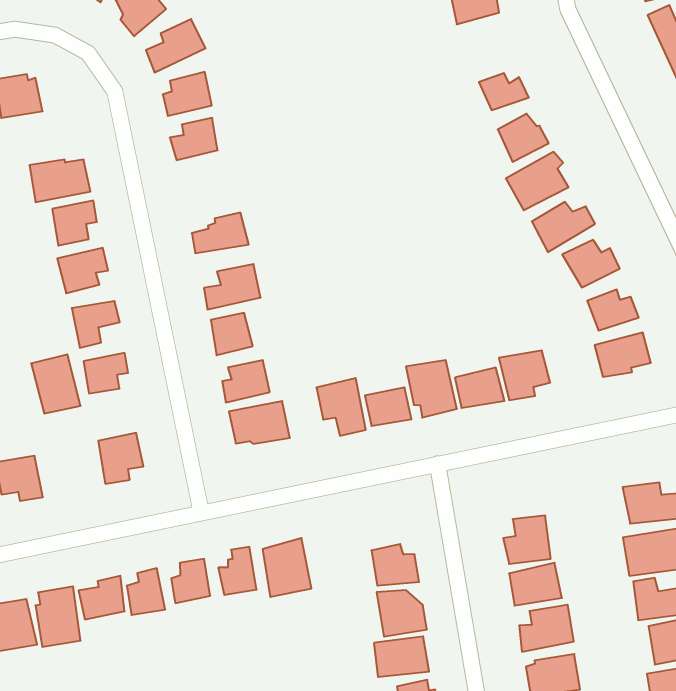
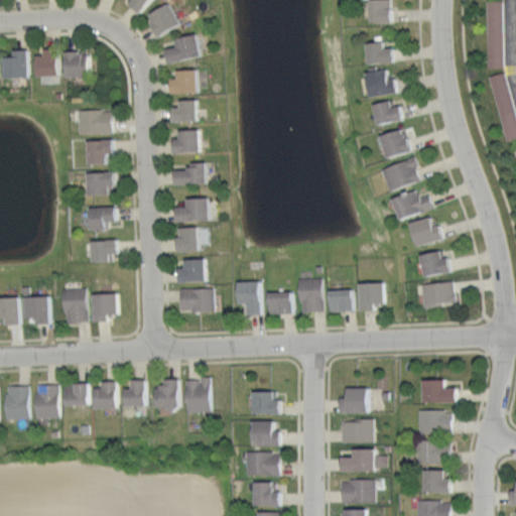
building: none -> [363,71,396,97]
building: none -> [169,130,201,155]
building: [31,354,81,413] -> [59,288,87,324]

